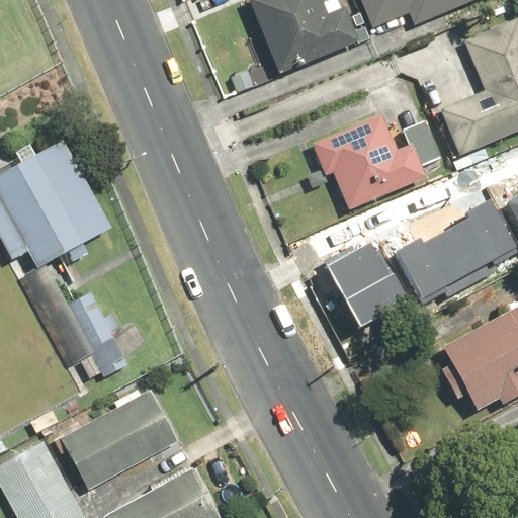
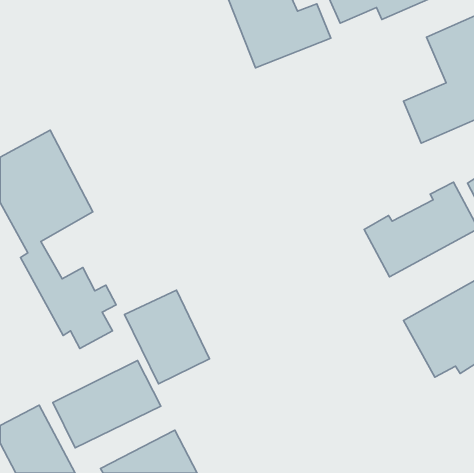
building: [309,113,424,211] -> none
building: [328,238,408,325] -> none
building: none -> [125,290,210,384]

